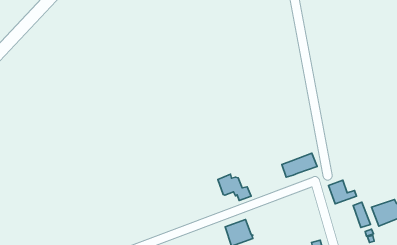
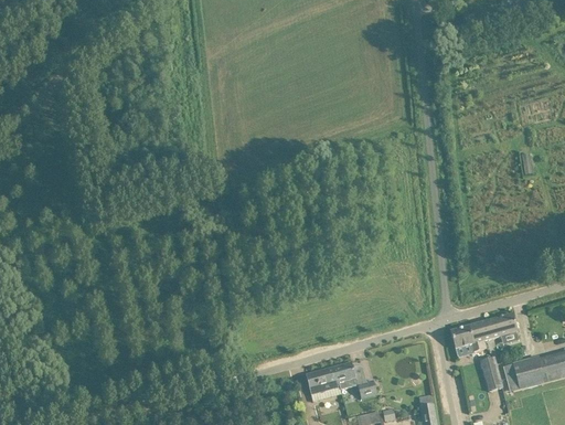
building: [282,153,317,177] -> [470,312,518,342]
building: [218,174,251,201] -> [334,361,377,397]

